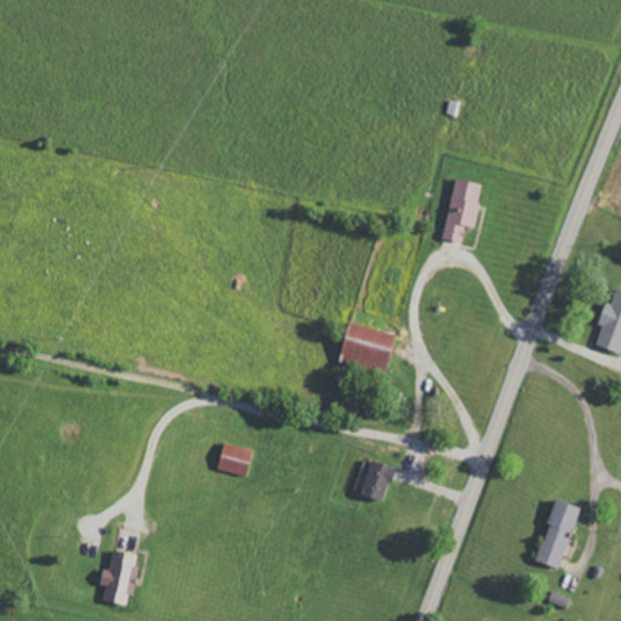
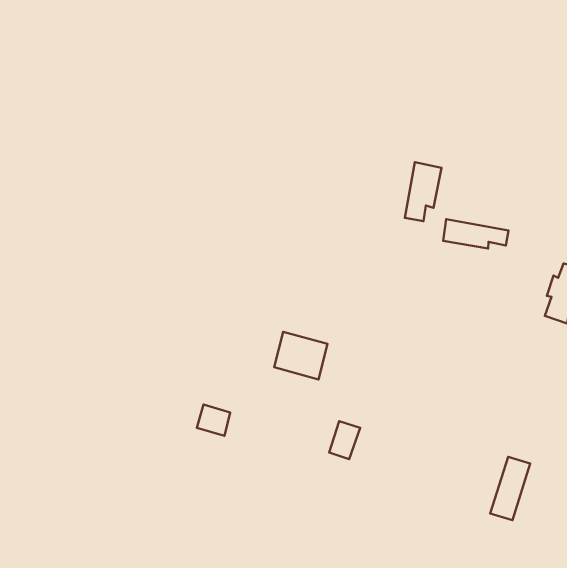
building: none -> [443,219,509,248]
building: [337,320,395,372] -> [274,332,327,379]
building: [99,549,138,605] -> none

